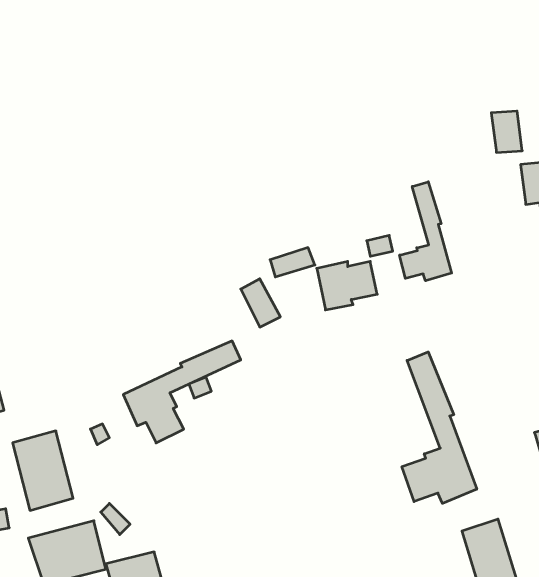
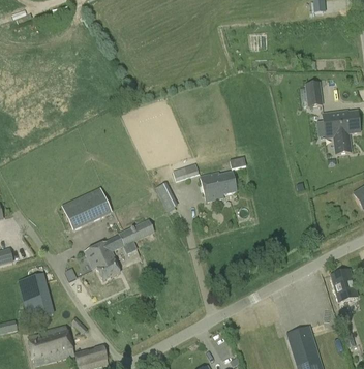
building: [400,182,452,281] -> none
building: none -> [61,187,112,230]
building: [402,352,477,503] -> none

